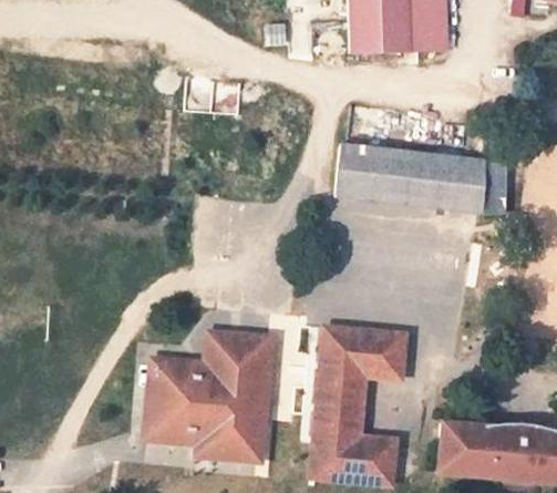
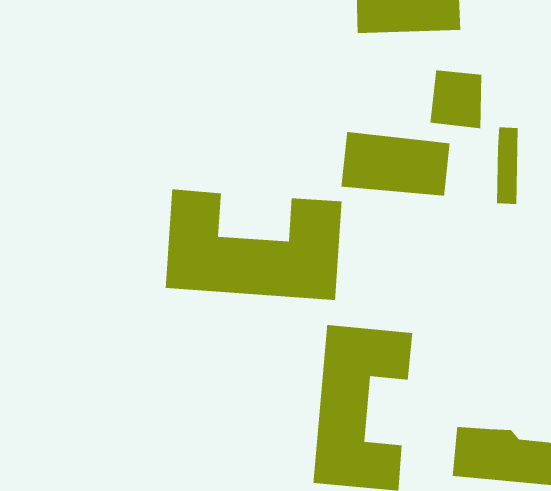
building: [434,155,484,212] -> [430,69,482,129]
building: none -> [165,188,343,301]
building: [147,335,268,459] -> none

